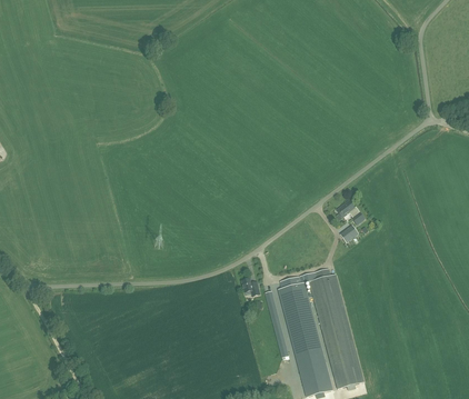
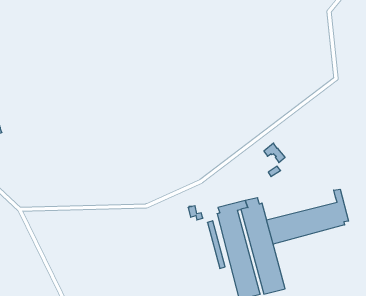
building: none -> [267,189,349,244]

